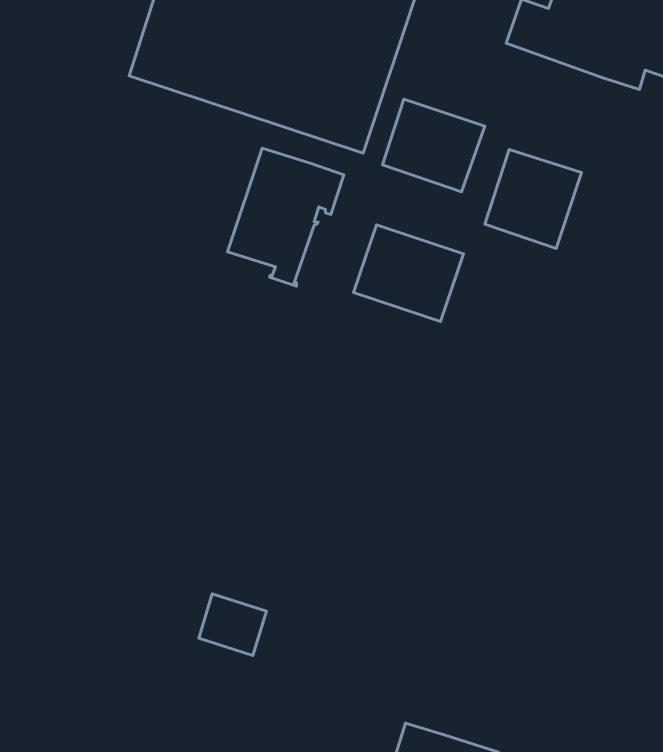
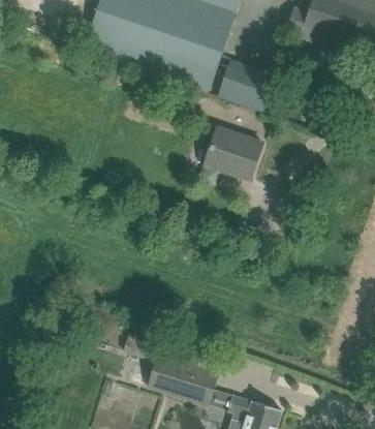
building: [228,148,344,286] -> none
building: [485,150,582,249] -> none
building: none -> [148,353,218,403]

